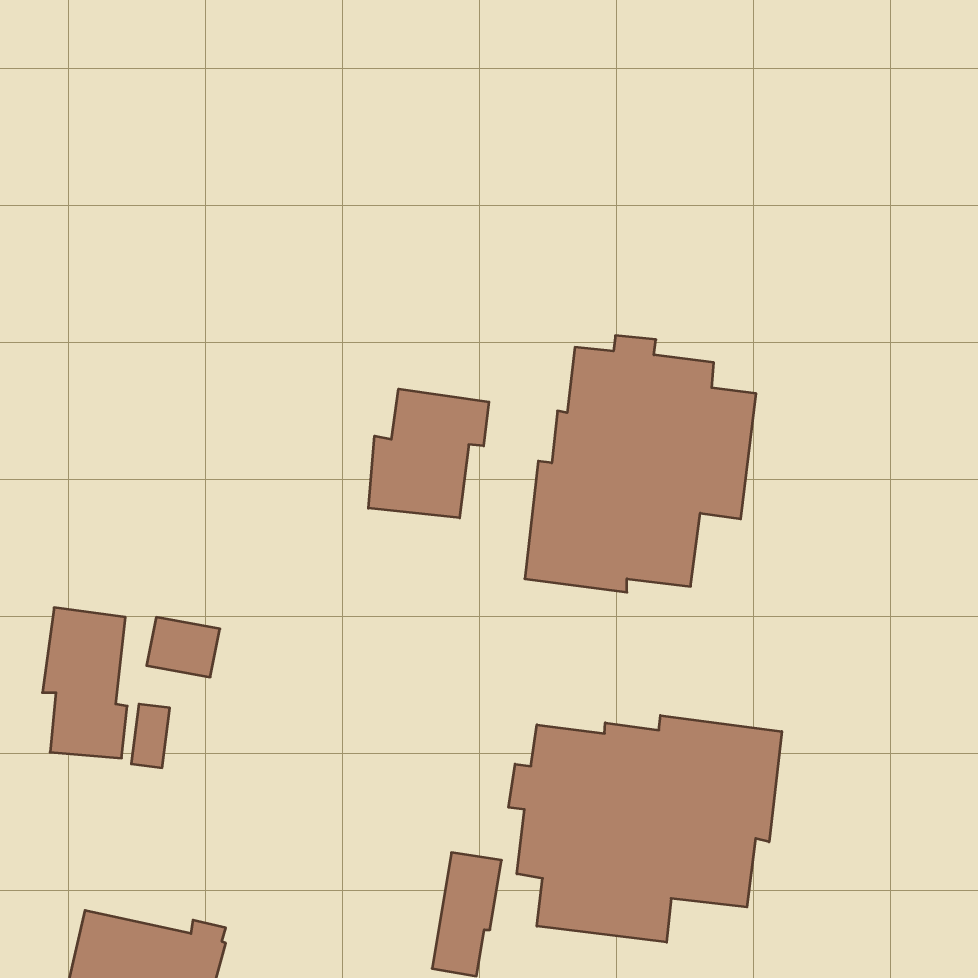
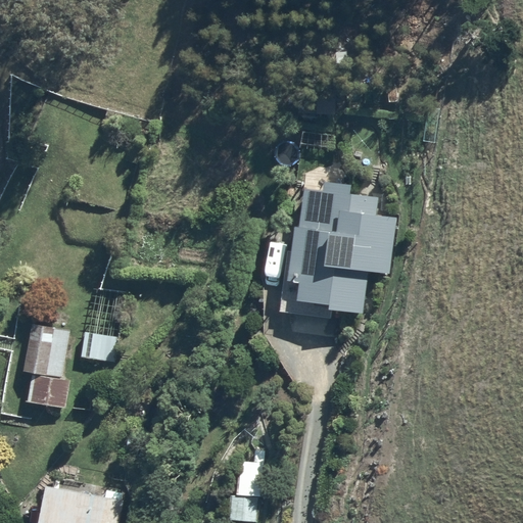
building: [368,389,489,518] -> none
building: [509,715,782,942] -> none

